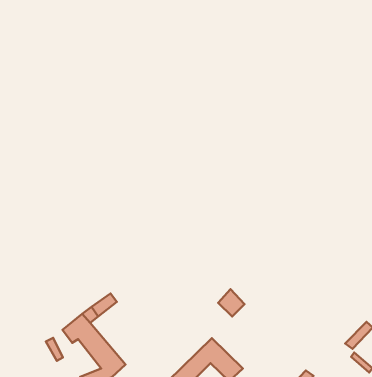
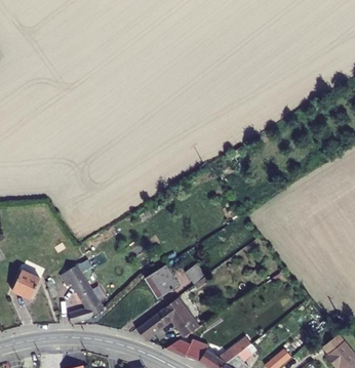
building: none -> [144,264,177,299]
building: none -> [11,271,39,299]

